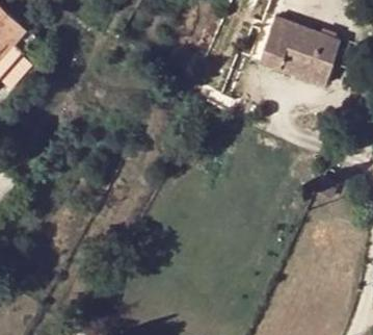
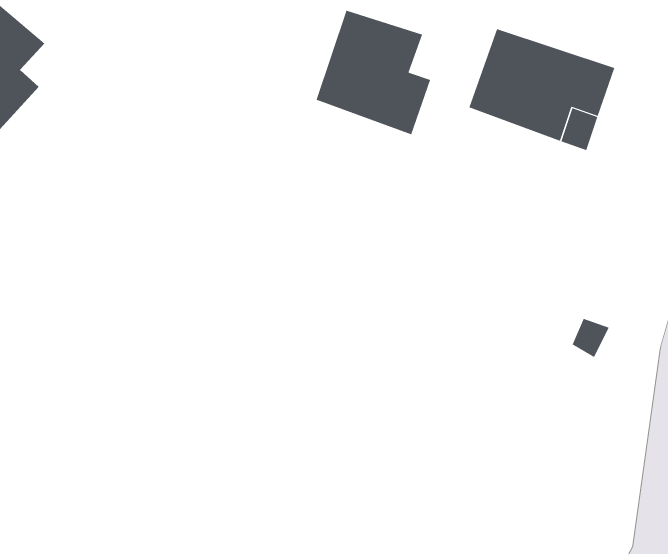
building: none -> [316,10,431,135]

